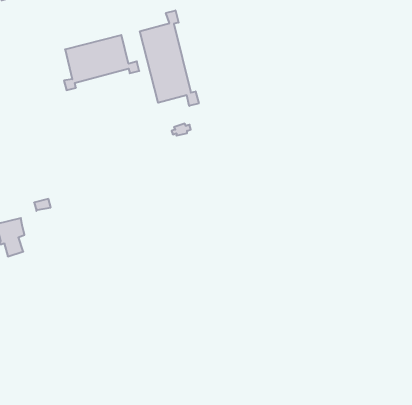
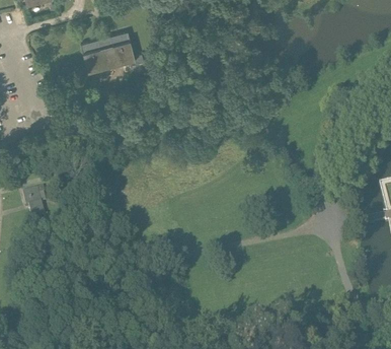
building: [140,10,199,106] -> none

